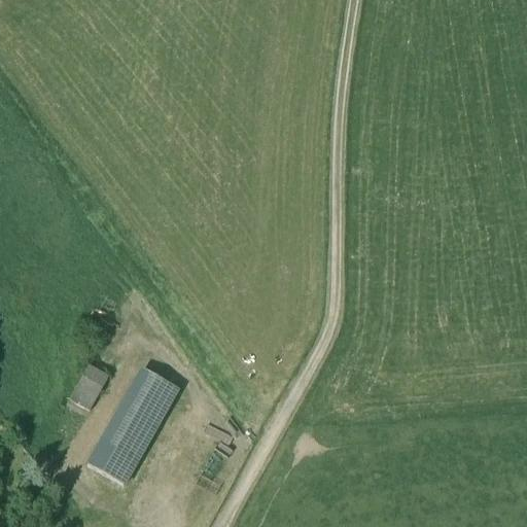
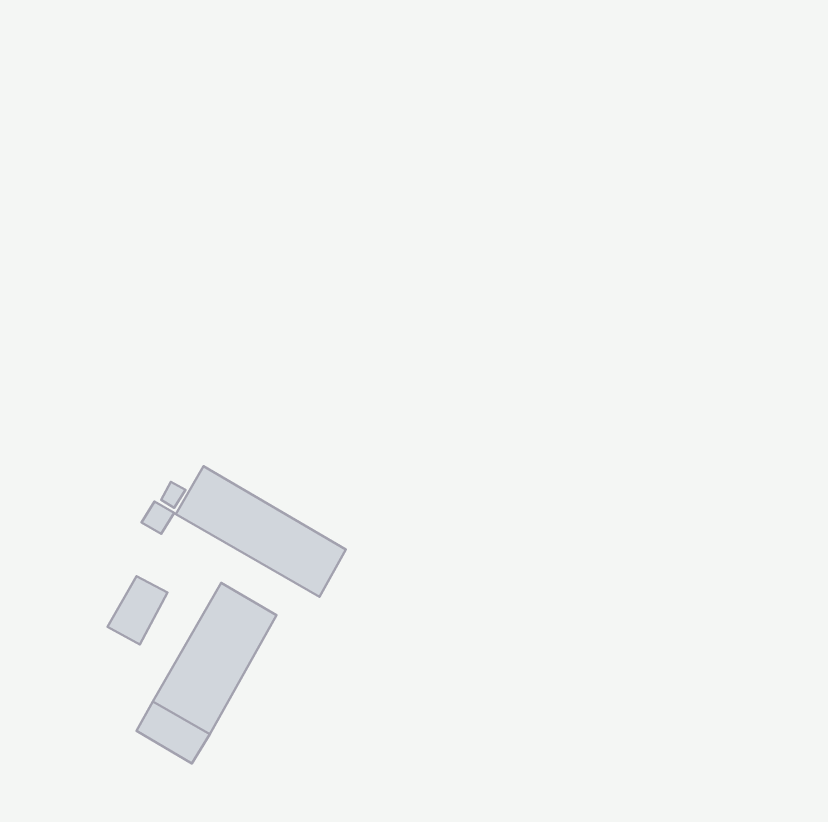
building: none -> [176,466,346,597]

